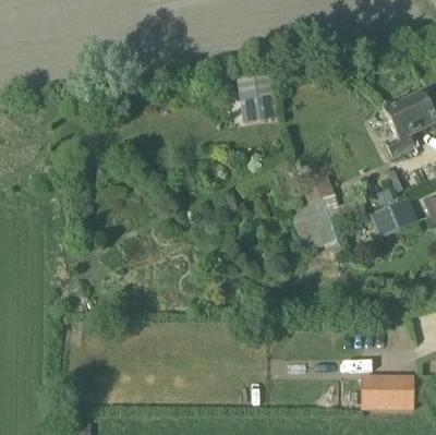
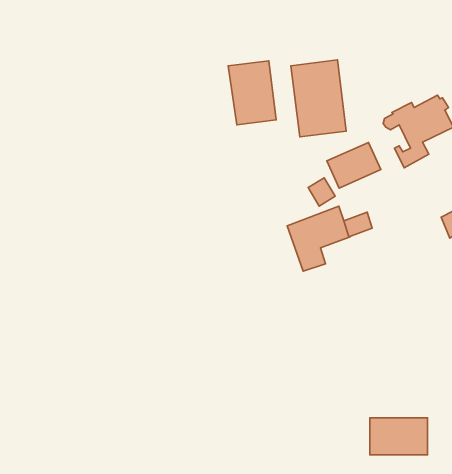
building: none -> [291,60,346,137]
building: [370,196,417,237] -> [327,142,381,188]

